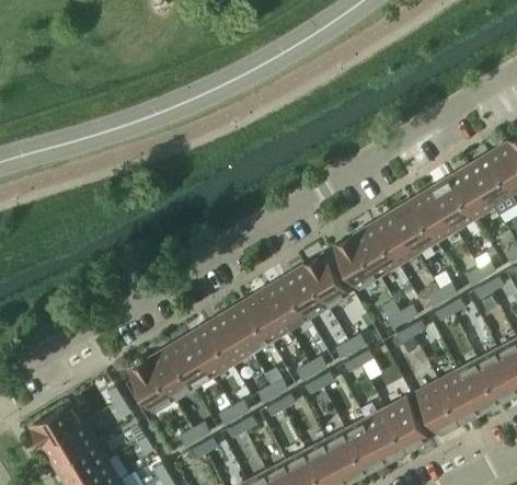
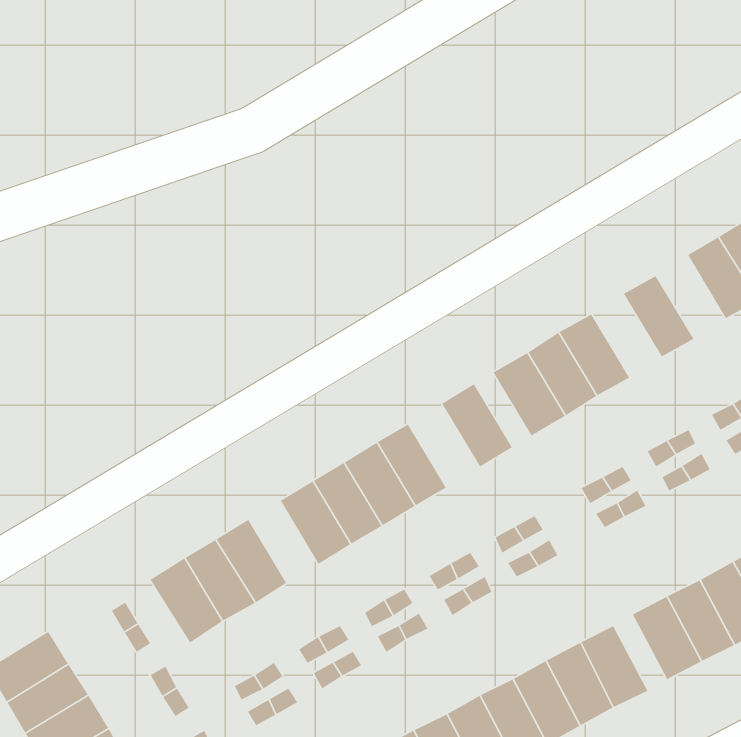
building: [430,178,472,229] -> none
building: [392,201,434,252] -> none
building: [283,267,325,317] -> none
building: [187,325,229,374] -> none

